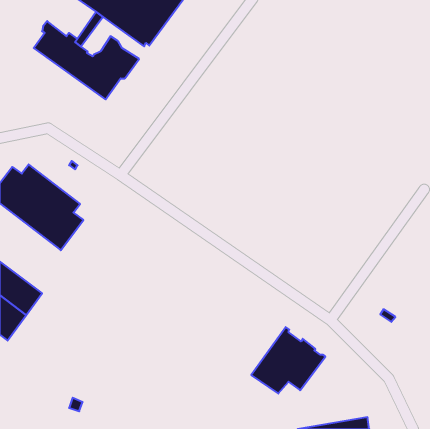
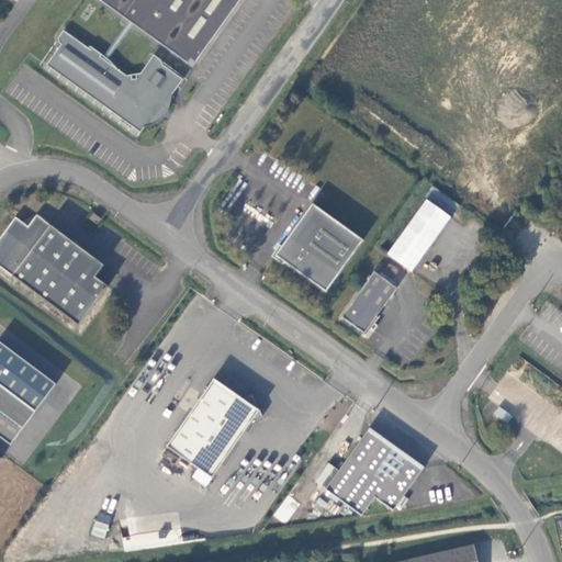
building: none -> [390,199,451,269]
building: none -> [276,201,363,289]
building: none -> [341,269,397,331]
building: none -> [166,376,262,475]

